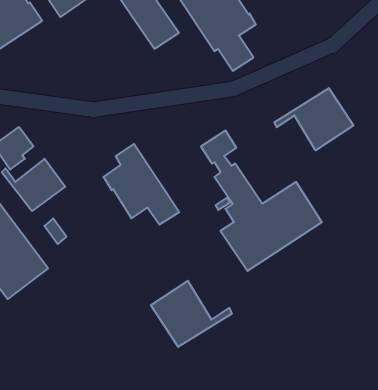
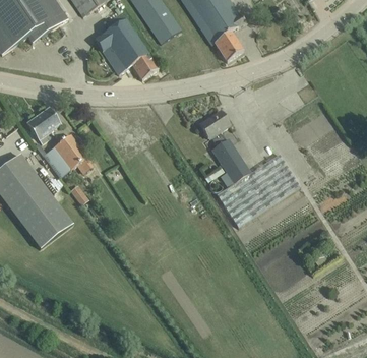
building: [274,88,353,150] -> none
building: [103,144,179,225] -> [95,11,158,78]
building: [151,281,232,347] -> none

